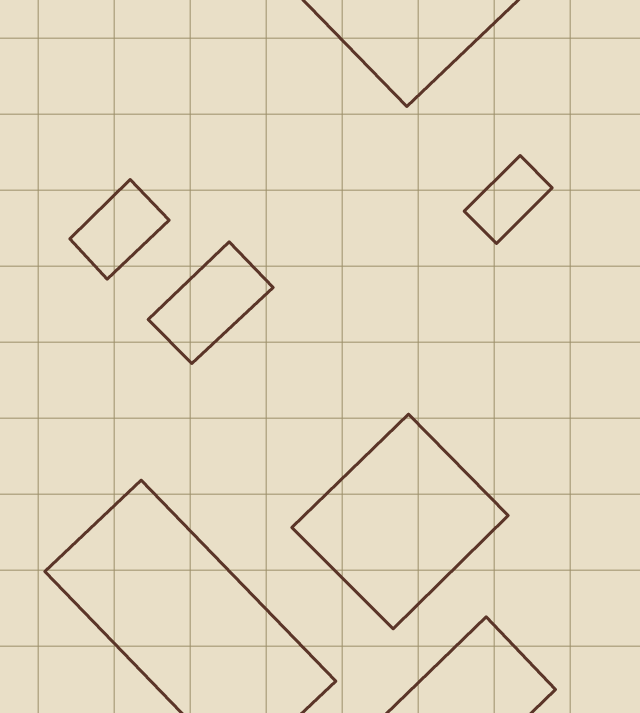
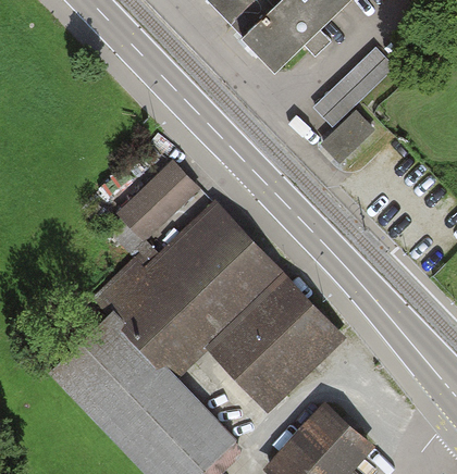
building: none -> [310,43,392,123]
building: [70,180,169,279] -> none
building: none -> [112,202,282,371]

